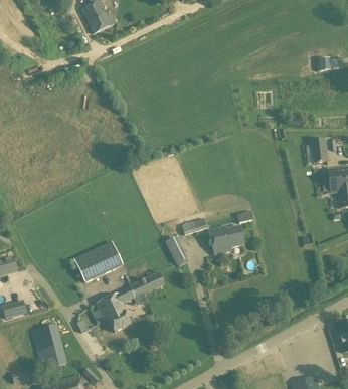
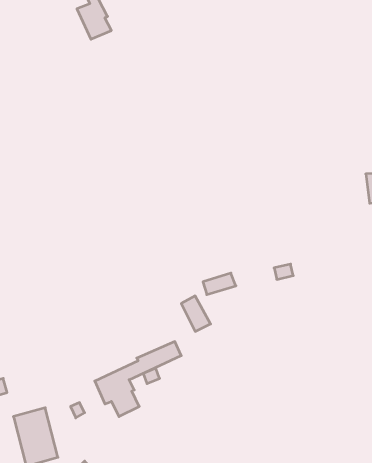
building: [208,225,243,253] -> none
building: [73,240,123,282] -> none

